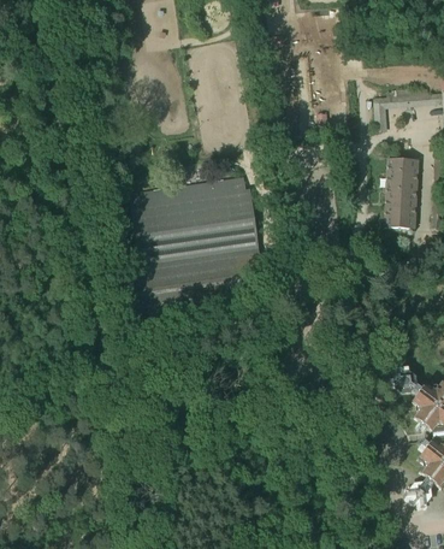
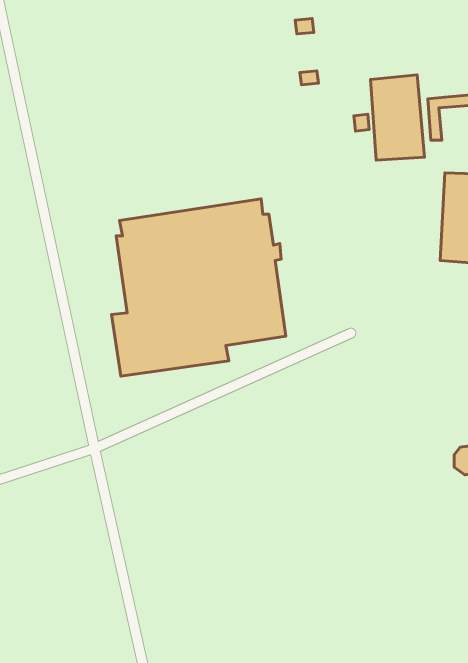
building: none -> [371,75,424,160]

